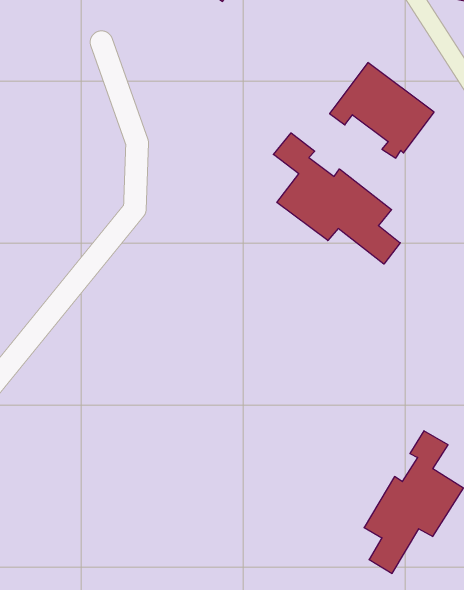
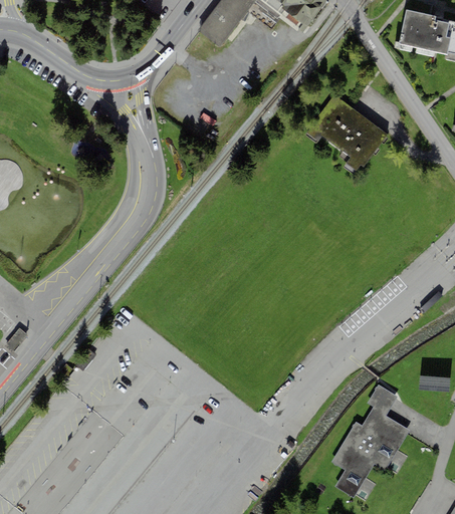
building: [273,133,400,264] -> none

